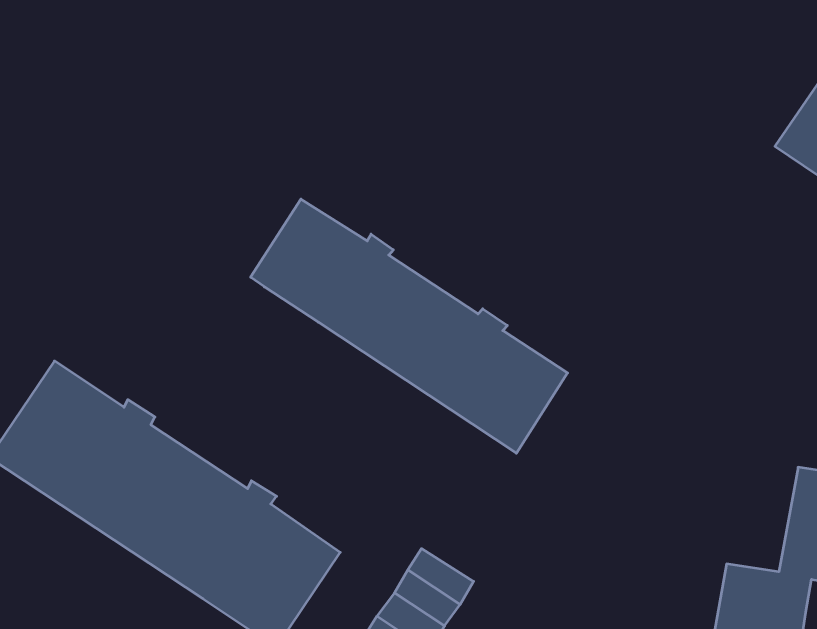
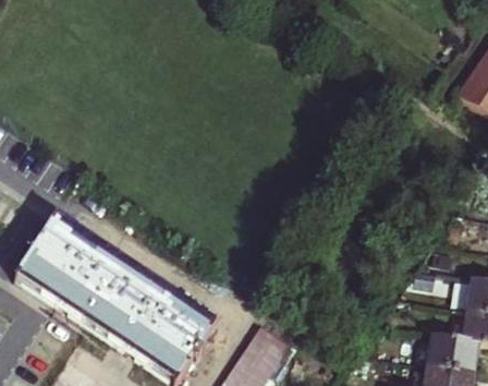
building: [251,199,568,453] -> none

